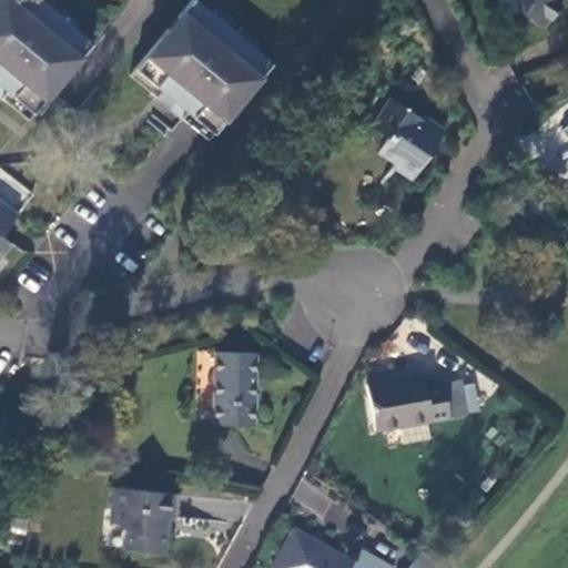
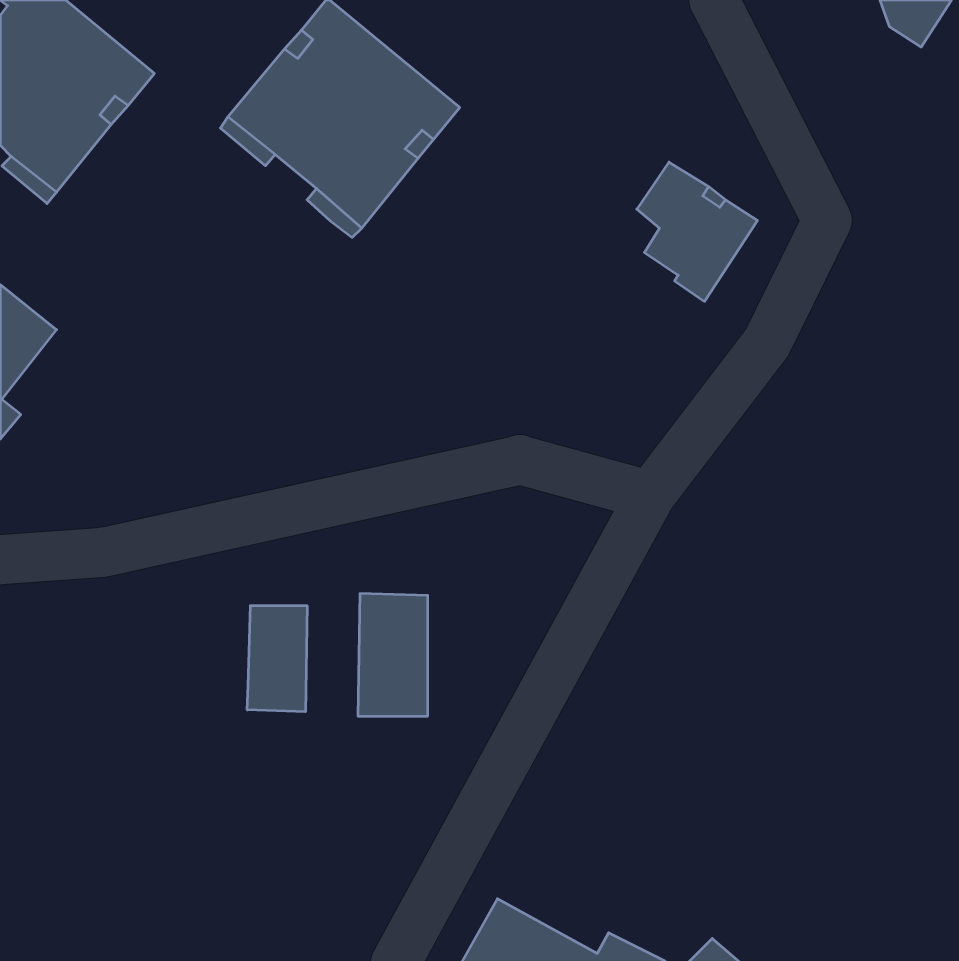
building: none -> [247,606,307,712]
building: [368,369,470,427] -> none
building: [109,491,176,557] -> none

